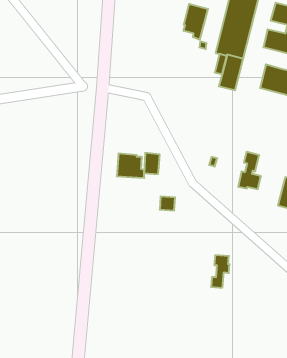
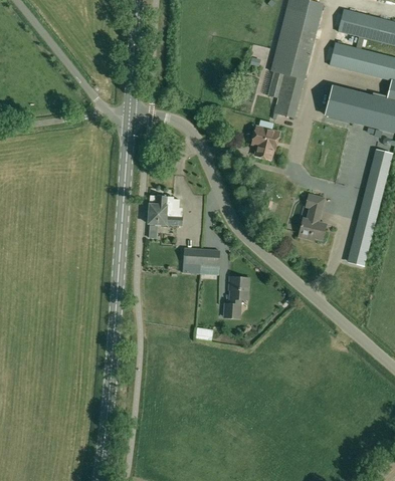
building: [184,4,208,40] -> none
building: none -> [252,127,278,159]
building: [144,153,160,174] -> [183,247,202,273]
building: [211,255,230,288] -> [225,277,248,317]

